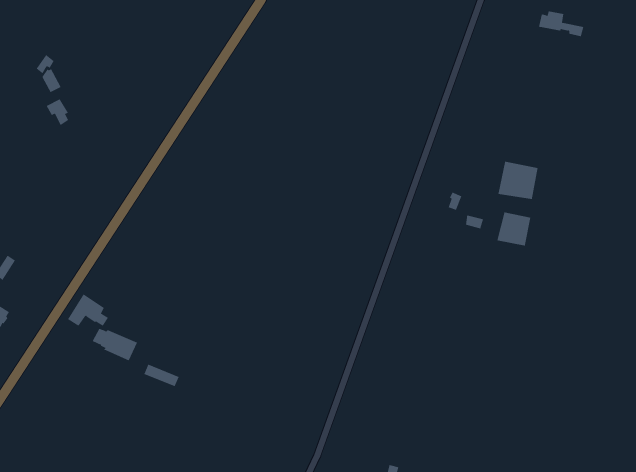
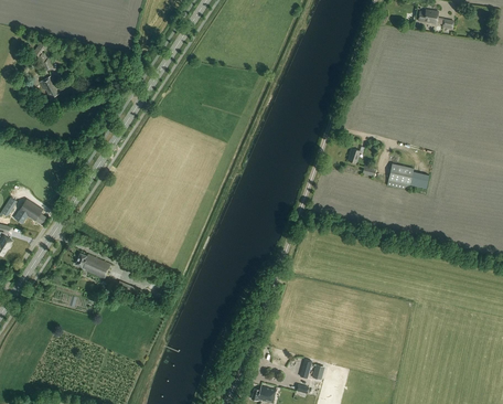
building: [498,161,538,200] -> none
building: [67,293,109,326] -> [14,199,46,224]

